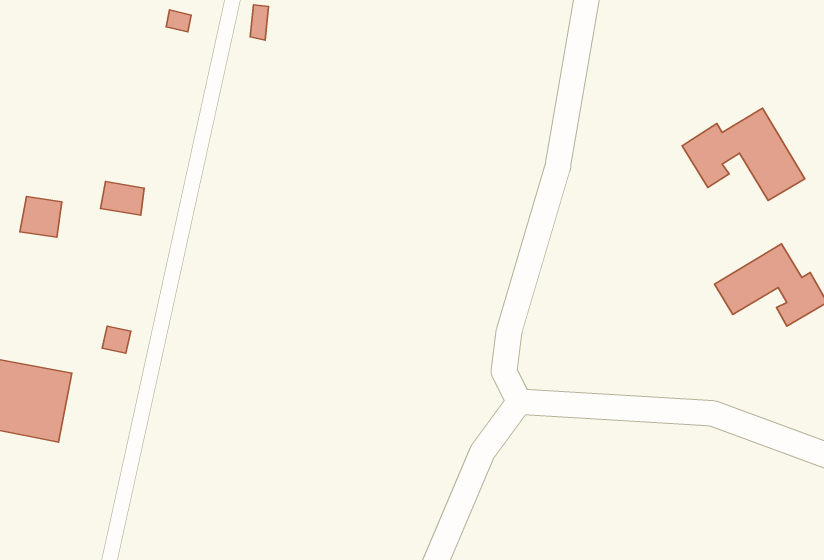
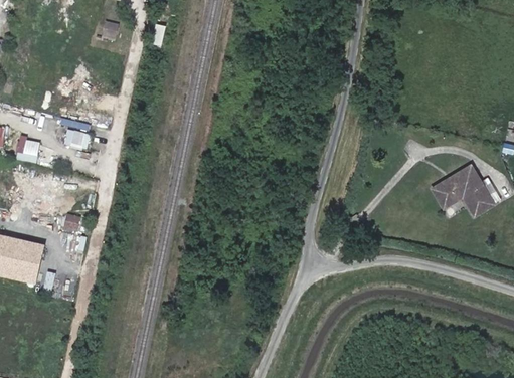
building: [682,108,805,200] -> none

